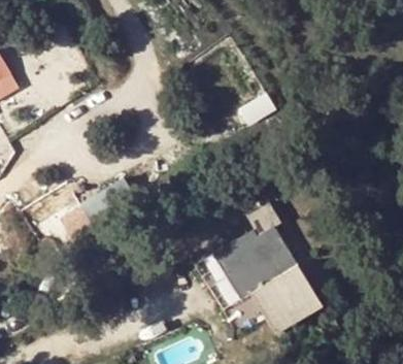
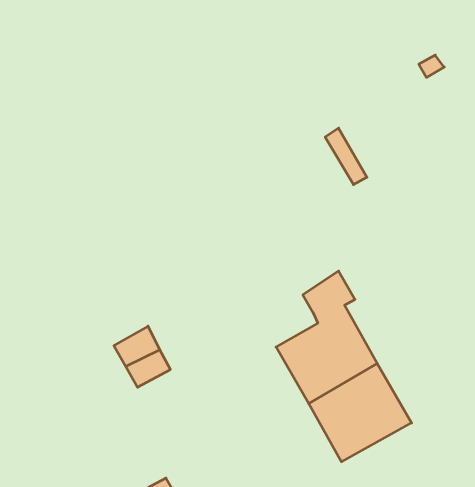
building: [211,233,256,303] -> none

